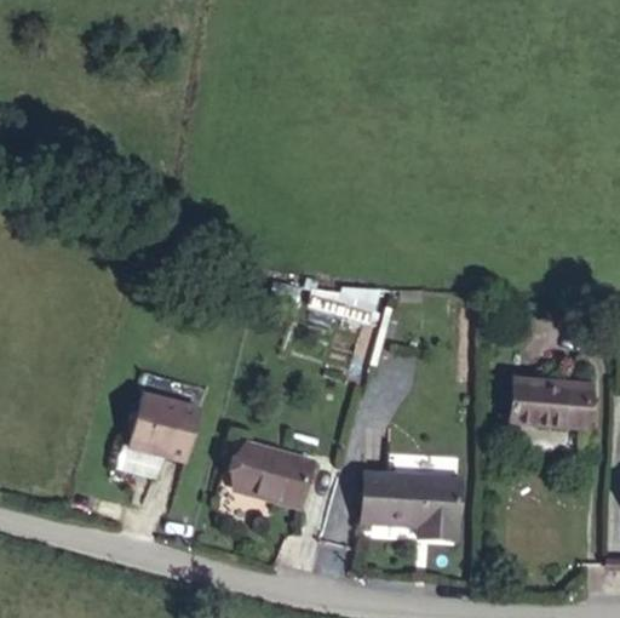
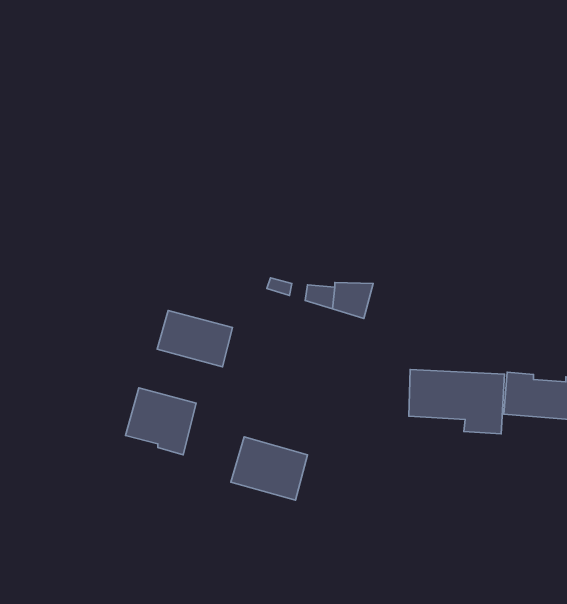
building: none -> [157,311,233,367]
building: [363,474,460,539] -> [409,369,505,434]

